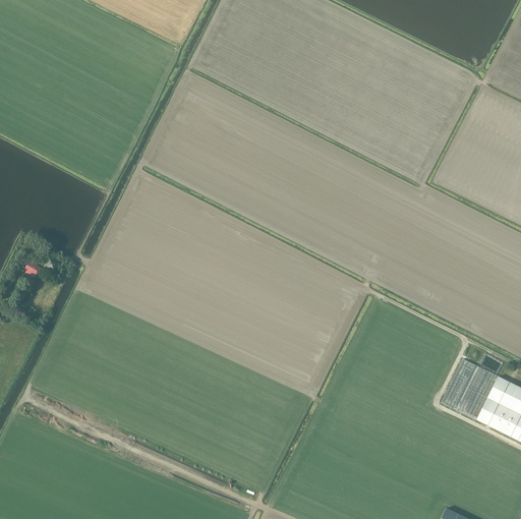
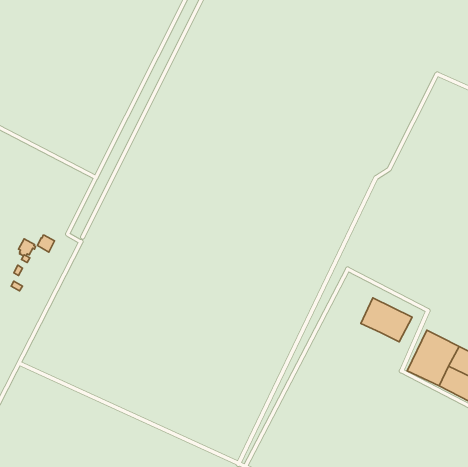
building: none -> [361,298,412,342]

